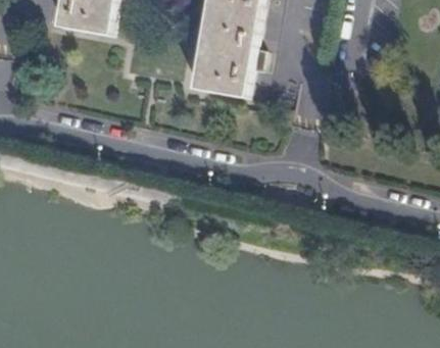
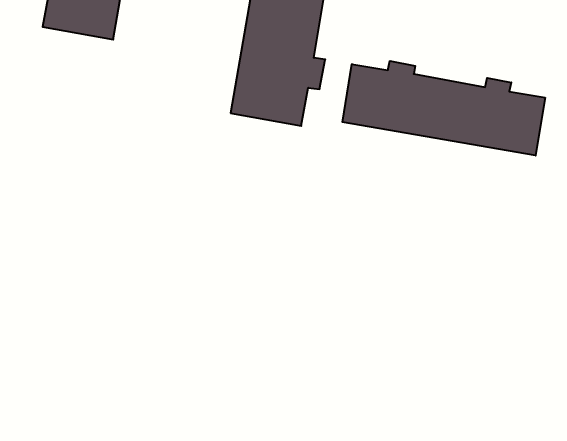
building: none -> [342,61,545,156]

